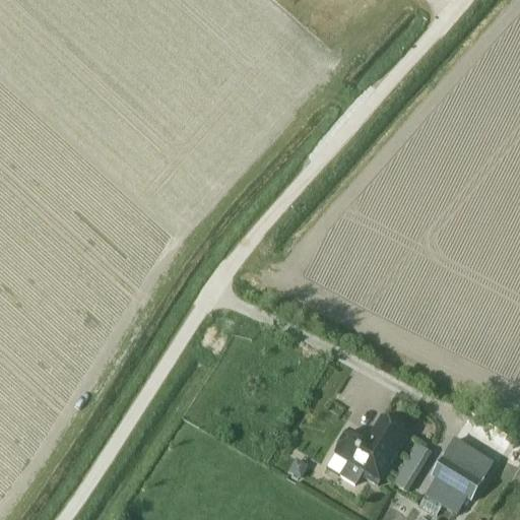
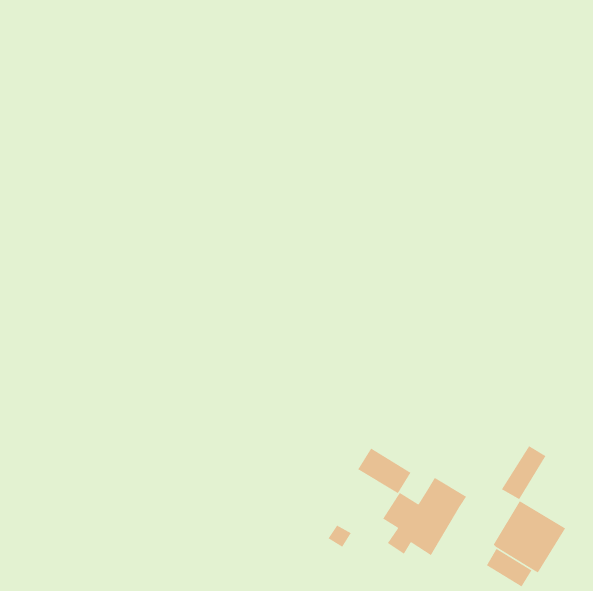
building: none -> [357,448,412,494]
building: [391,442,431,490] -> [501,445,546,500]

